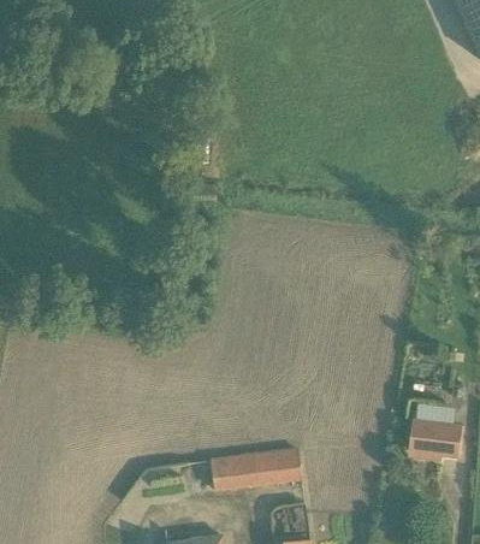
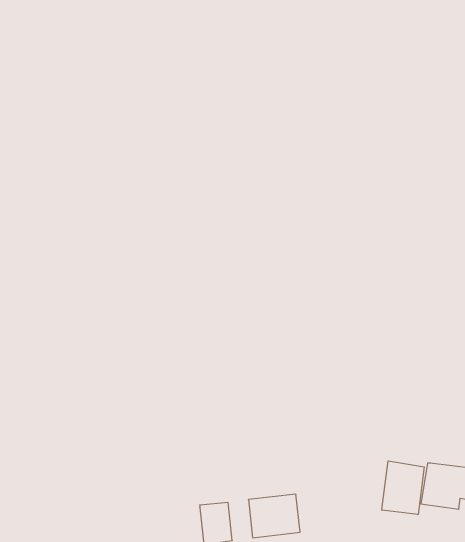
building: none -> [382,461,424,515]

